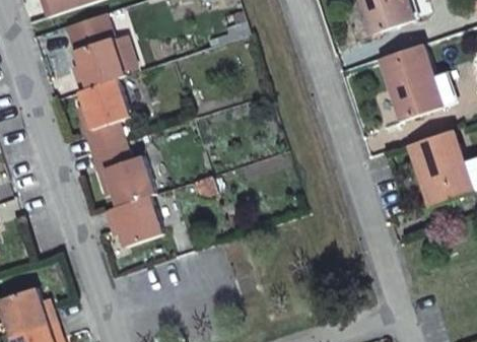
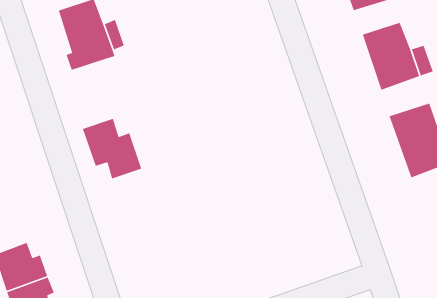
building: [75,83,127,156] -> none
building: [108,200,162,250] -> none

